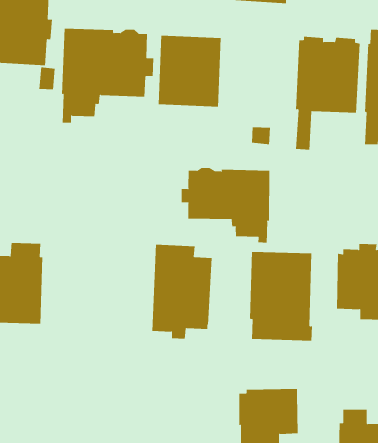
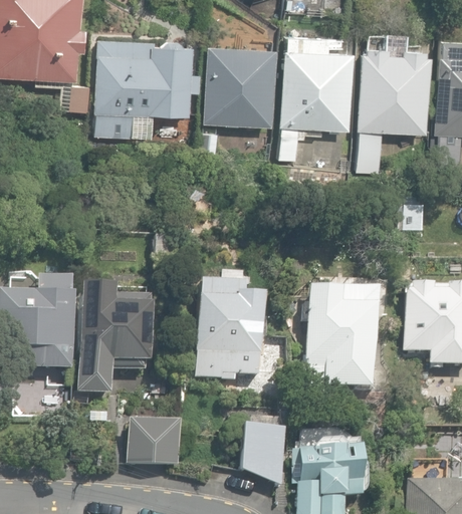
building: none -> [280,44,353,156]
building: [181,167,270,243] -> none
building: none -> [78,286,152,390]
building: none -> [241,422,281,482]
building: none -> [128,426,179,468]

